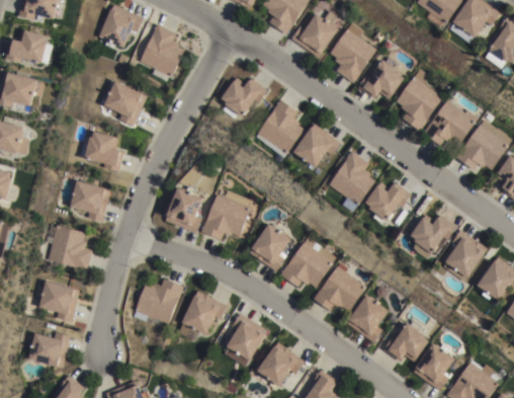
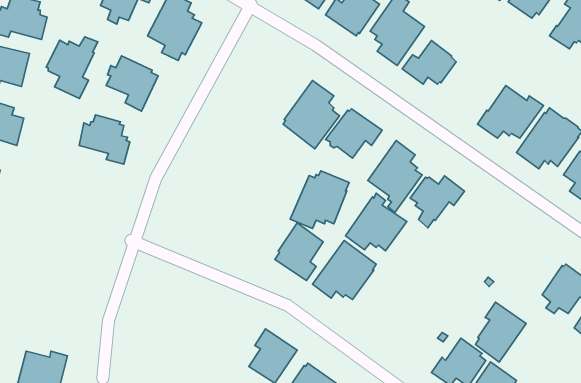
building: none -> [46,37,98,99]
building: [397,71,442,133] -> none
building: [220,75,267,117] -> none
building: [70,177,110,221] -> none
building: [165,184,202,232] -> none
building: [200,189,251,239] -> [290,171,349,229]
building: [410,213,457,251] -> none
building: [47,223,92,270] -> none
building: [443,229,487,281] -> [476,302,526,362]
building: [314,261,366,311] -> [346,193,407,251]
building: [133,277,183,327] -> none
building: [38,278,79,321] -> none
building: [178,291,227,335] -> none
building: [346,293,389,342] -> none

